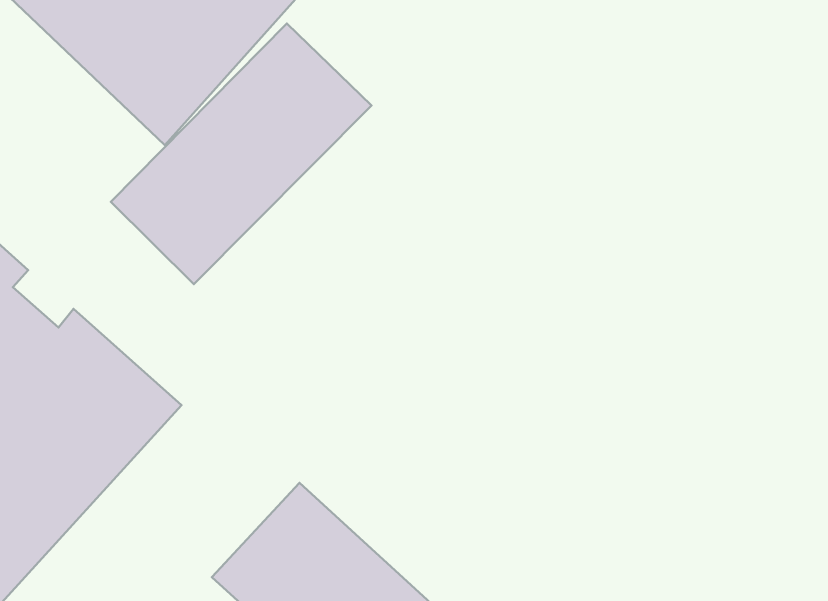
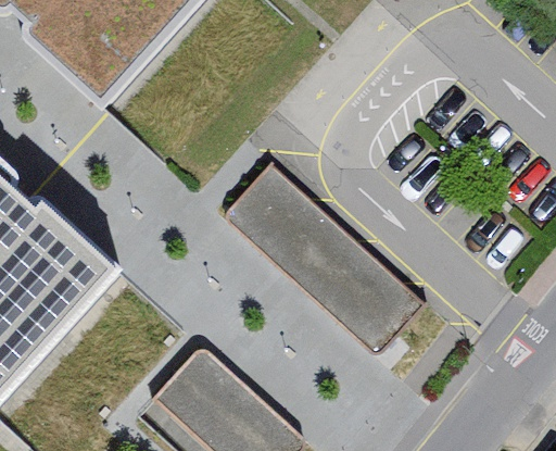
building: [111,23,372,284] -> none
building: none -> [218,152,416,349]

